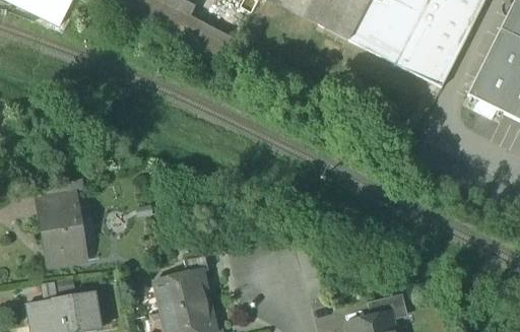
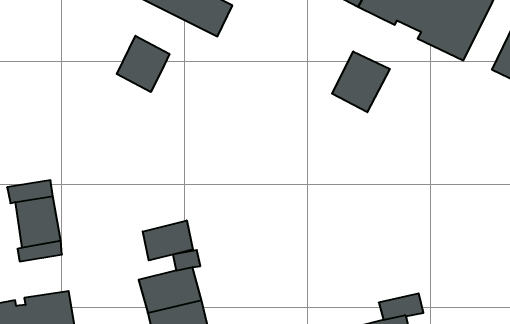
building: none -> [117,36,169,92]
building: none -> [332,51,390,112]
building: none -> [143,220,193,260]

